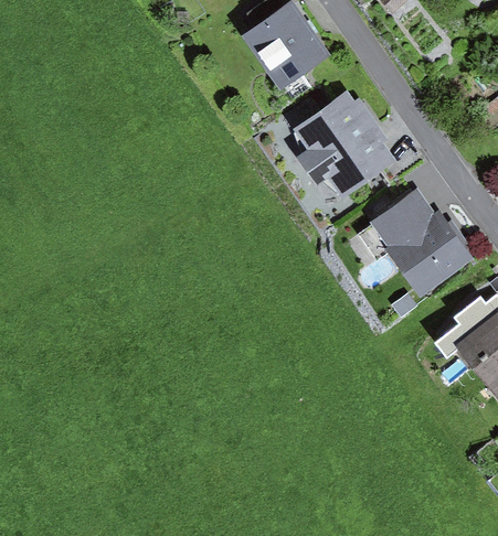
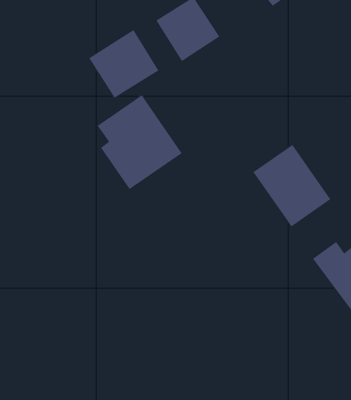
building: none -> [88,29,159,99]
building: [292,89,400,210] -> [97,94,182,190]

